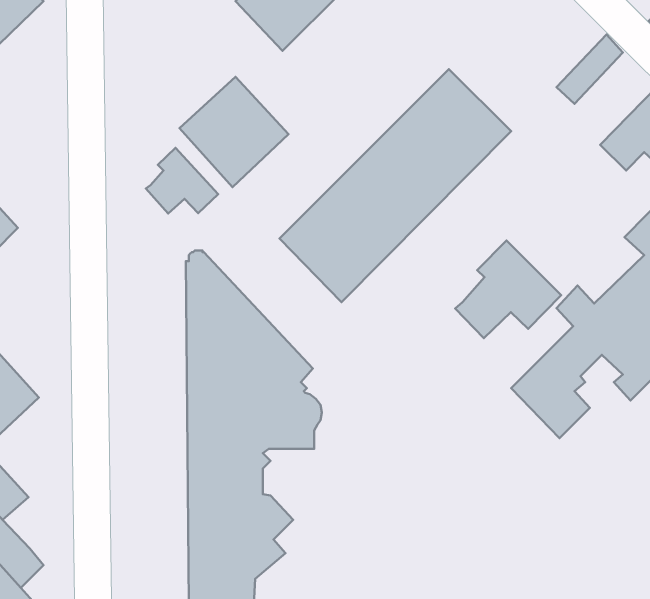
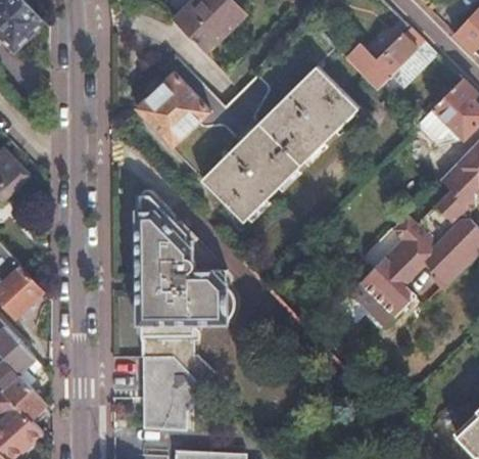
building: none -> [344,28,422,89]
building: [146,148,218,213] -> none
building: [455,240,561,338] -> none

